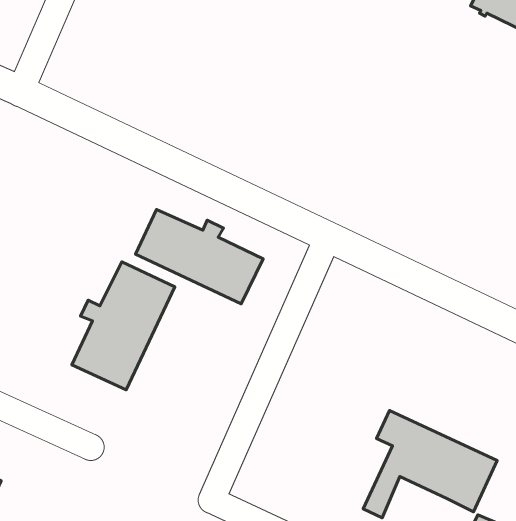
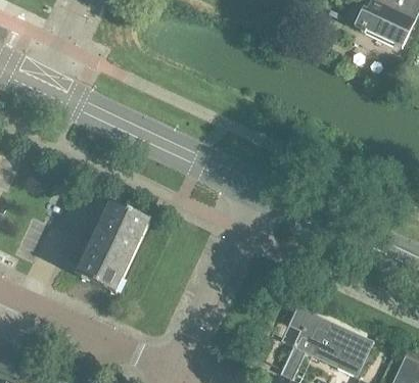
building: [136,210,263,304] -> none

